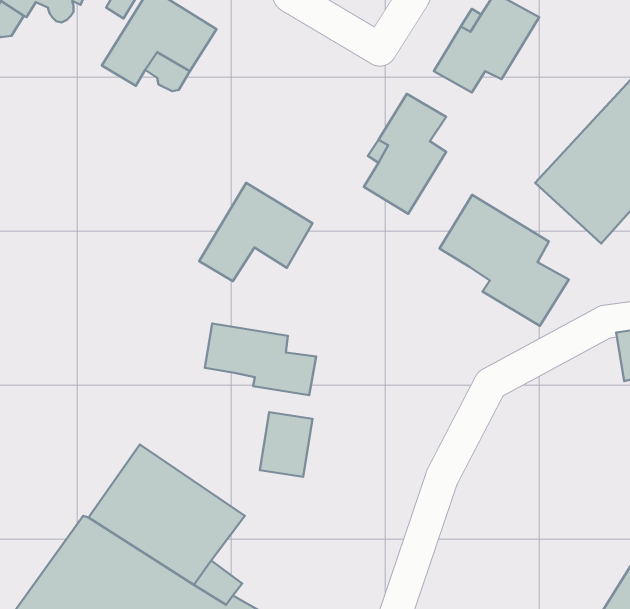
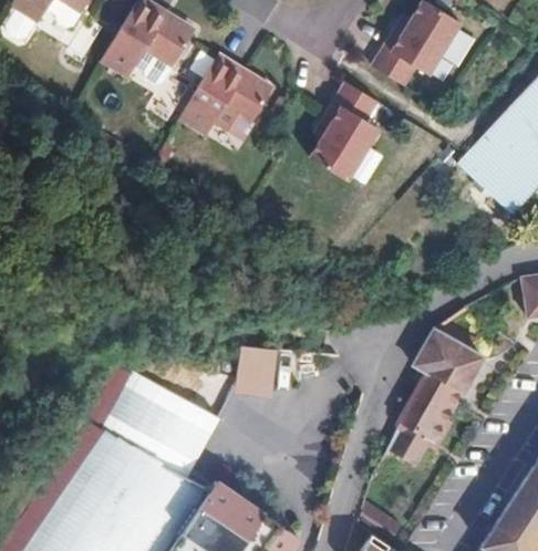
building: [199,183,312,281] -> [180,53,273,134]
building: [439,195,569,326] -> none
building: [205,324,316,395] -> none
building: none -> [385,332,478,474]

